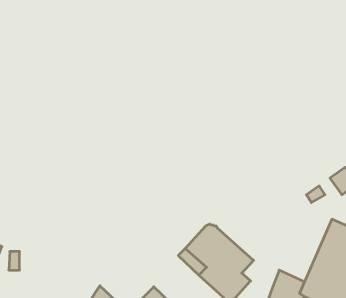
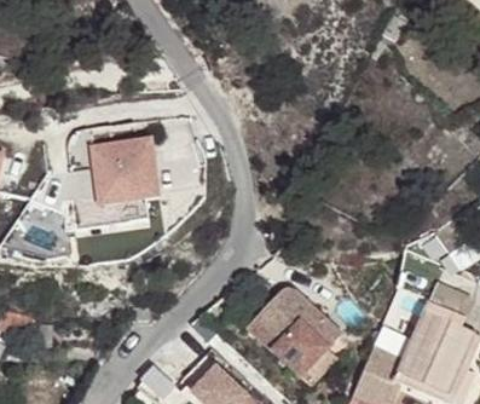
building: none -> [73,138,160,227]

